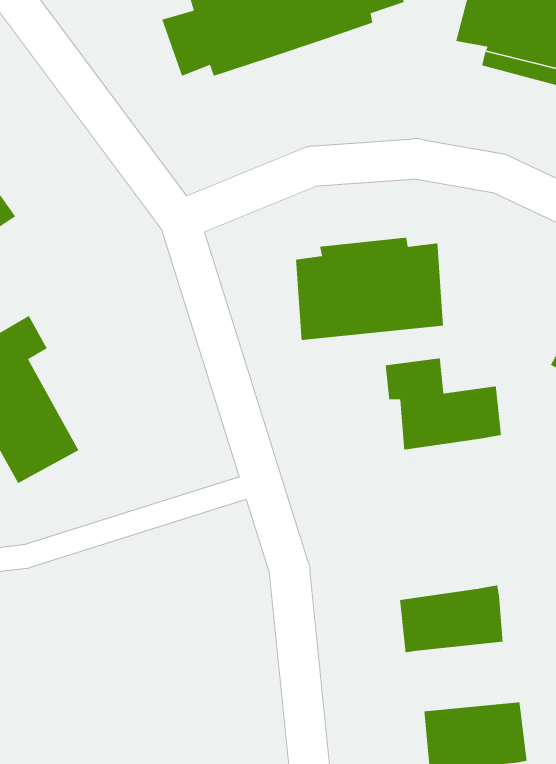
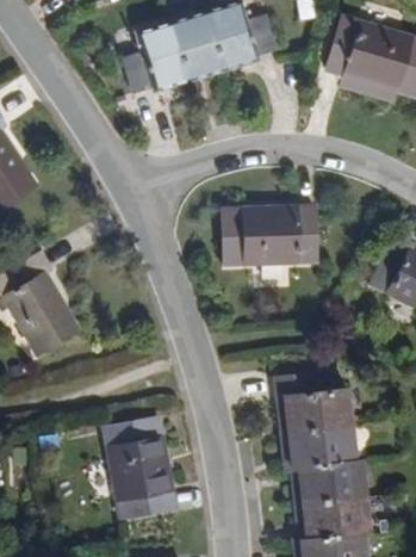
building: [385,358,502,450] -> [273,375,348,434]
building: none -> [104,420,178,519]
building: none -> [296,460,362,506]

